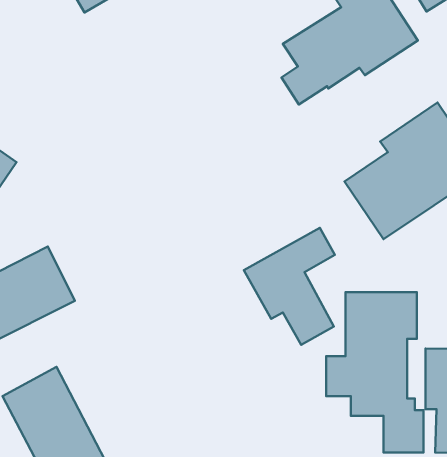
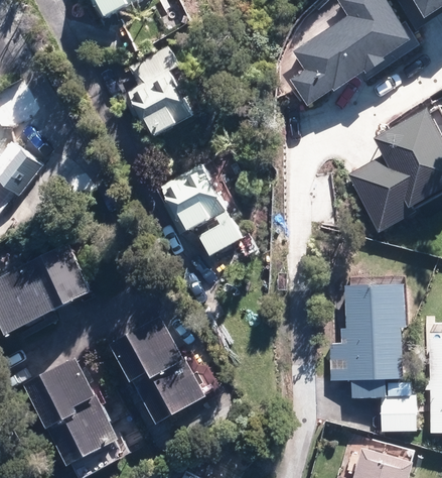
building: none -> [130,45,202,135]
building: [244,228,335,345] -> [159,146,244,255]
building: none -> [111,312,205,422]

